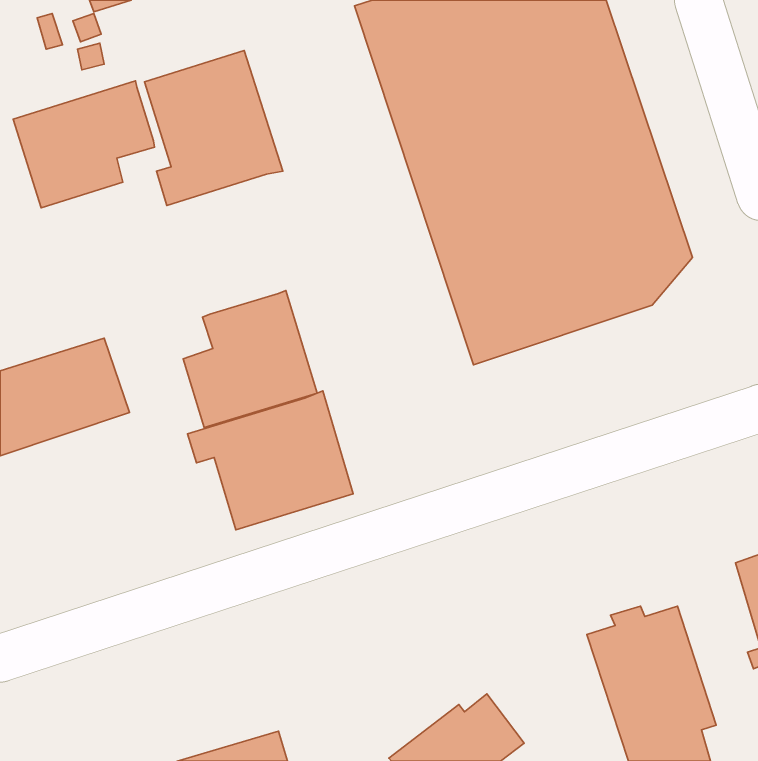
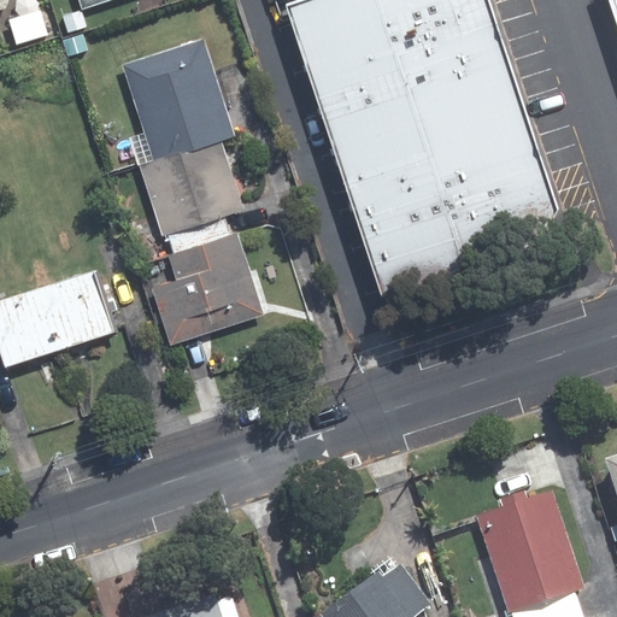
building: [13,81,155,208] -> none
building: none -> [137,141,240,254]
building: [187,391,353,530] -> none

